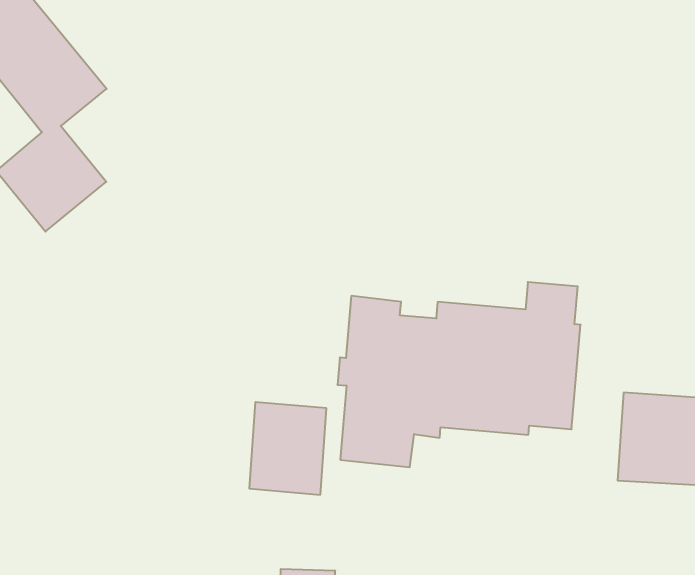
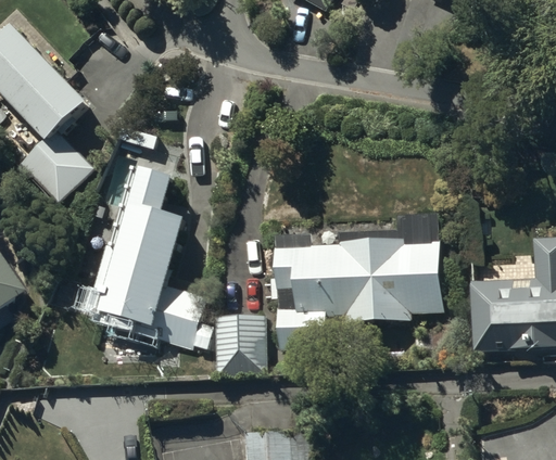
building: none -> [90,126,207,350]

